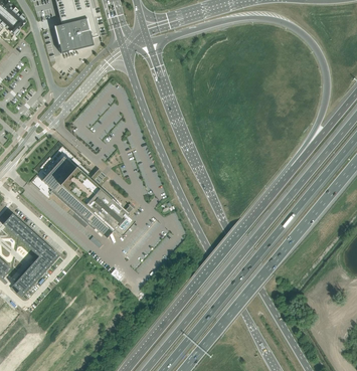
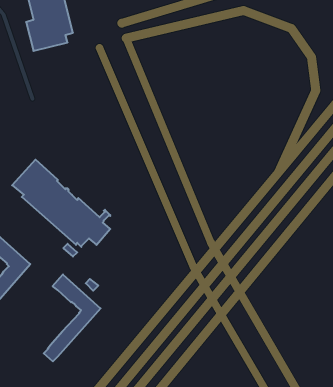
building: none -> [44,274,101,361]

